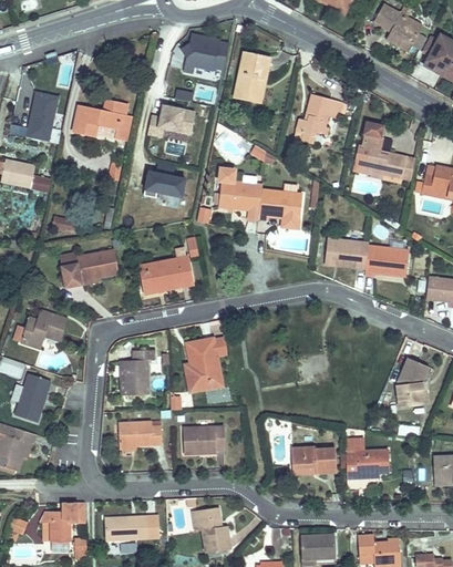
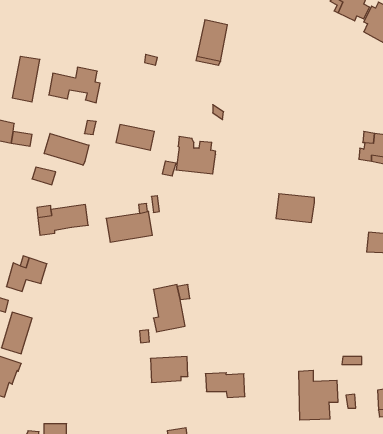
building: [182,30,228,69] -> none
building: [294,92,339,142] -> none
building: [147,97,194,136] -> none
building: [360,132,416,189] -> none
building: none -> [44,133,89,165]
building: [253,198,297,237] -> none
building: [363,252,406,286] -> none
building: [124,350,155,394] -> none
building: [393,367,426,412] -> none
building: [116,422,161,445] -> none
building: [296,449,340,476] -> [205,373,245,397]

